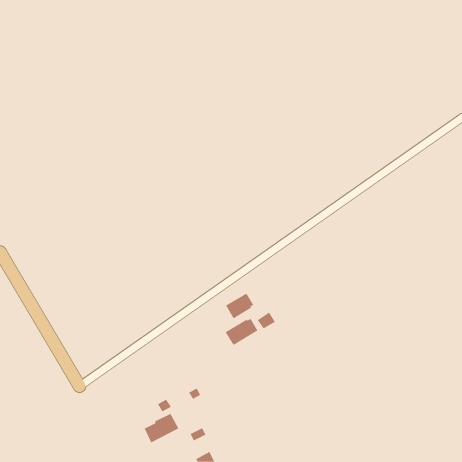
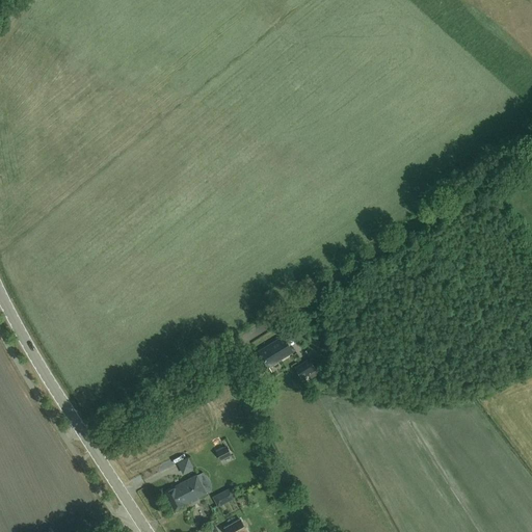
building: [225,318,258,346] -> none

